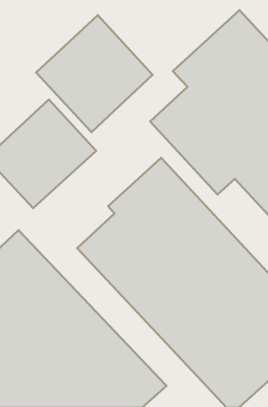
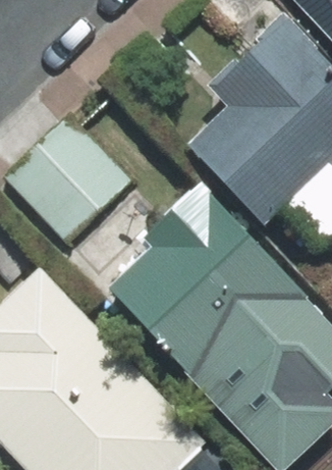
building: [36,15,152,132] -> none

